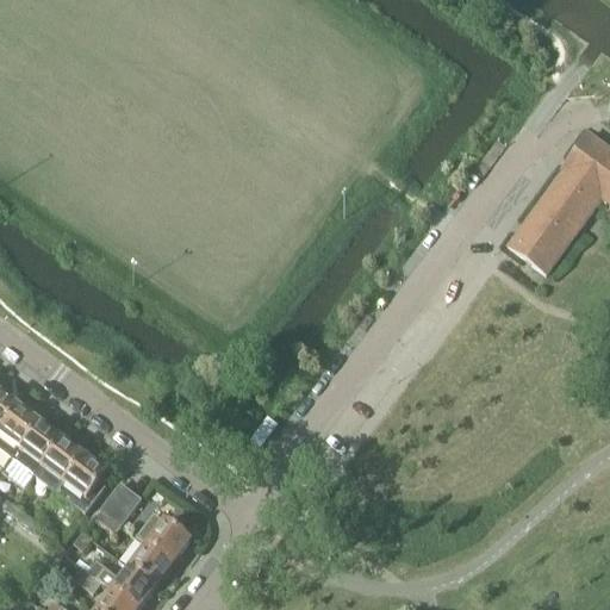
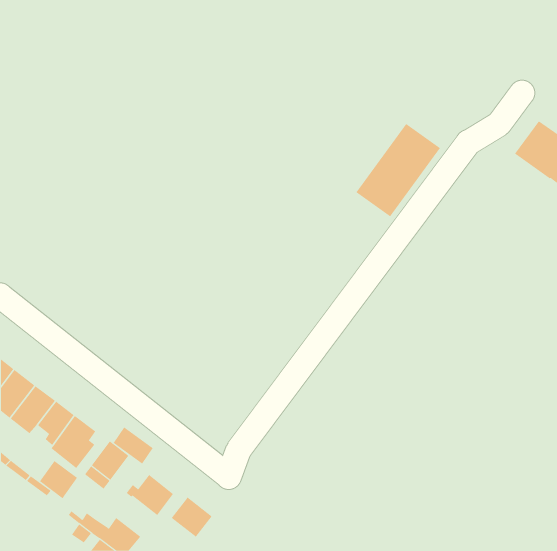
building: [509,168,602,270] -> [356,123,441,217]
building: none -> [113,426,154,465]
building: none -> [39,460,78,499]
building: [129,540,174,584] -> [171,497,213,537]

